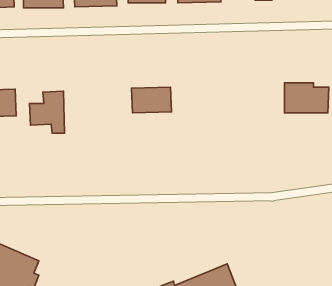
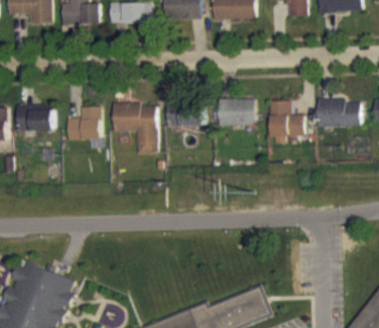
building: none -> [218,101,255,129]
building: none -> [269,104,302,146]
building: none -> [113,106,157,157]

